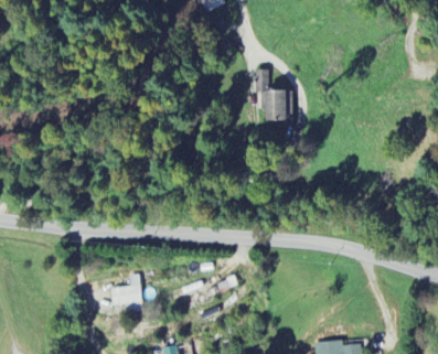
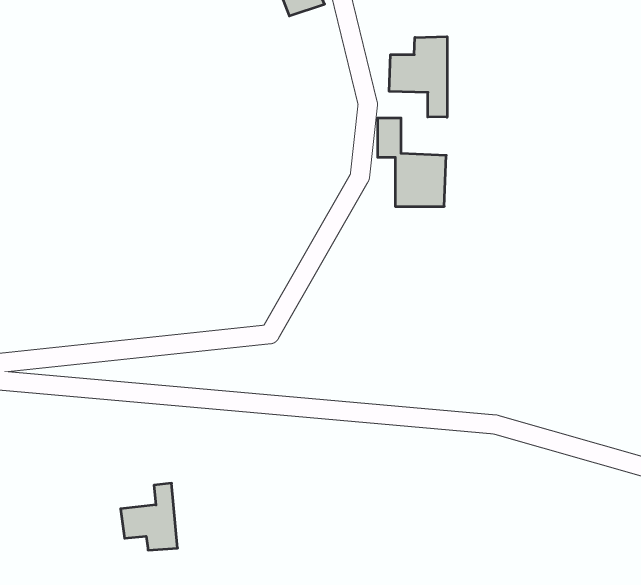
building: none -> [389,37,447,117]

